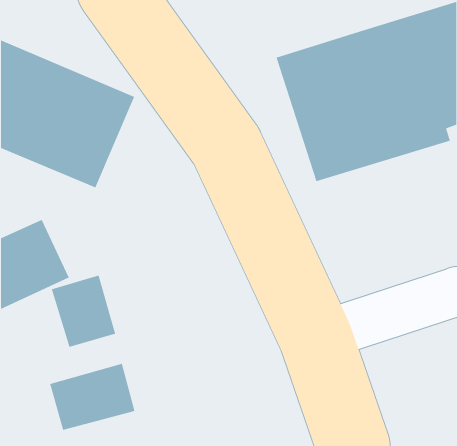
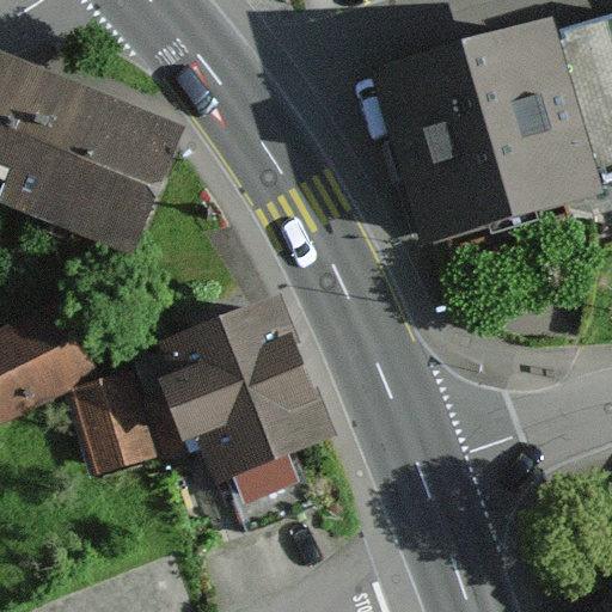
building: none -> [137,300,329,524]
building: [49,363,135,431] -> none

